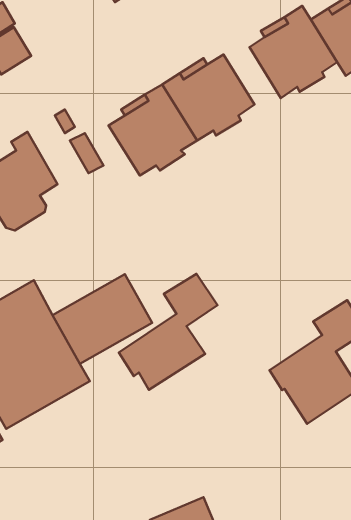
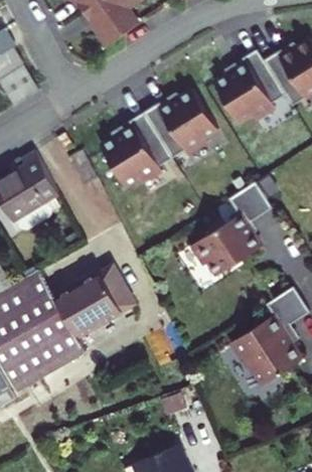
building: [119,274,218,390] -> [191,182,271,276]

